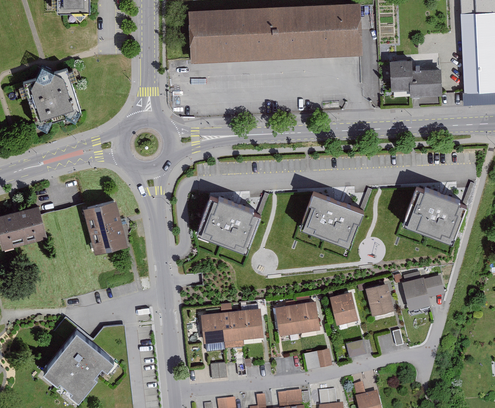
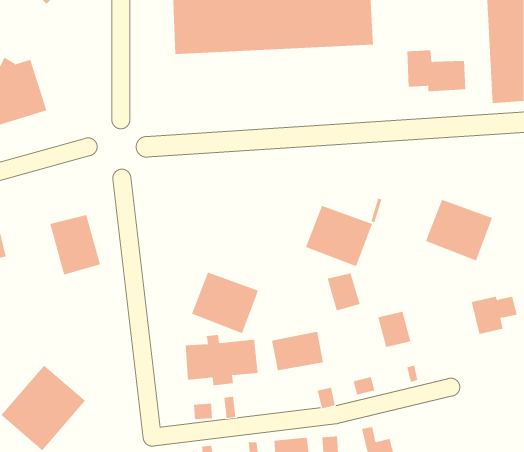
building: [203,198,261,251] -> [191,272,259,334]
building: [402,277,442,310] -> [471,296,517,335]
building: [329,292,358,325] -> [327,273,361,311]

